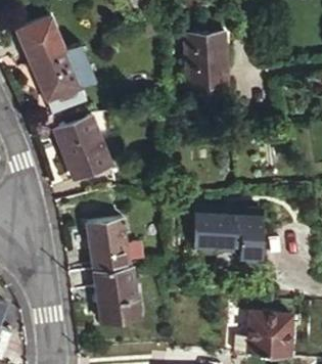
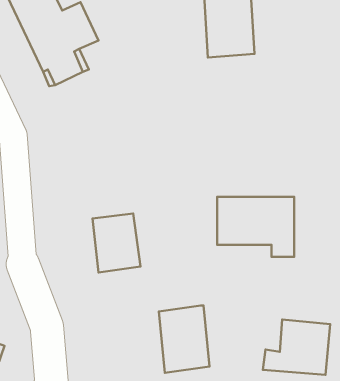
building: [56,113,113,180] -> none
building: [94,266,137,323] -> [159,305,209,373]

